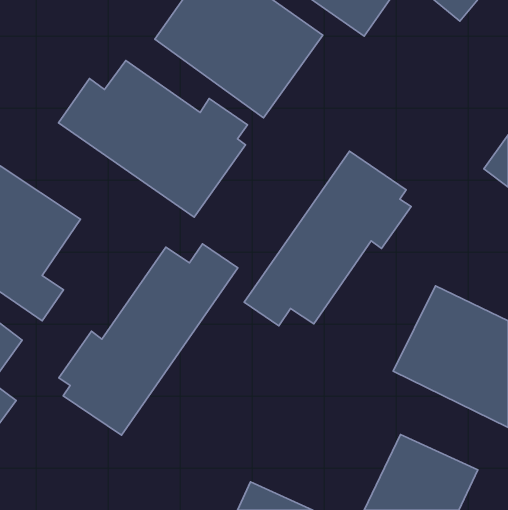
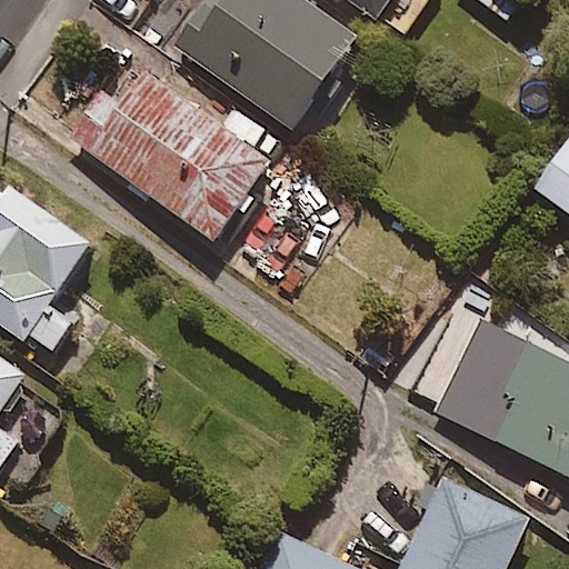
building: [244,151,411,326] -> none
building: [59,244,238,435] -> none

